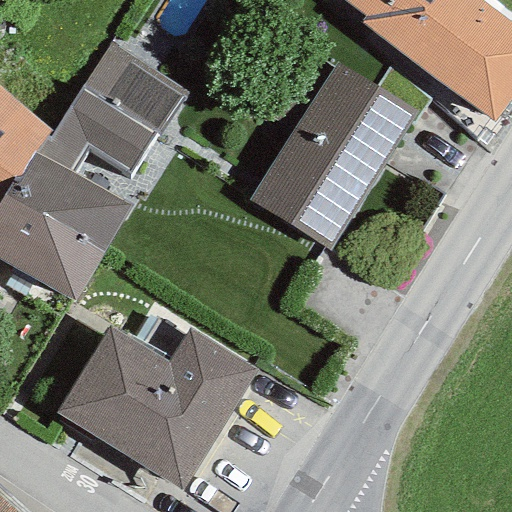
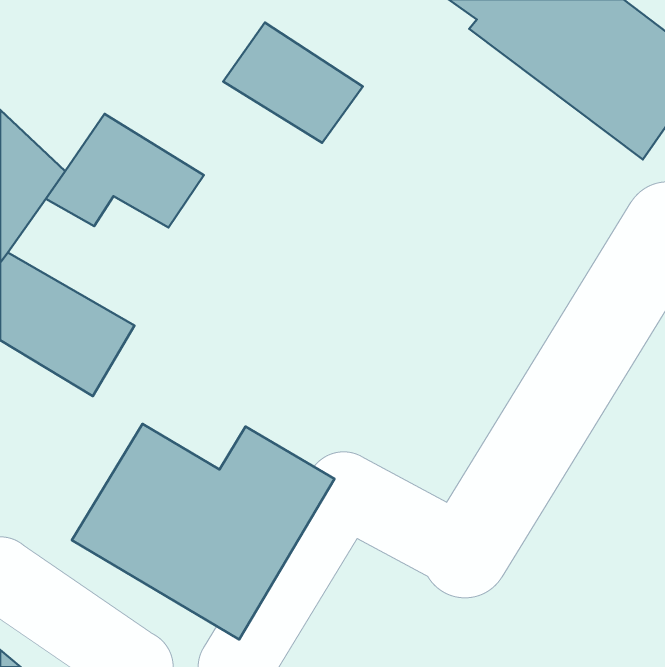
building: [82,42,189,134] -> [223,22,363,143]
building: [250,63,419,250] -> none
building: [8,152,131,249] -> none

